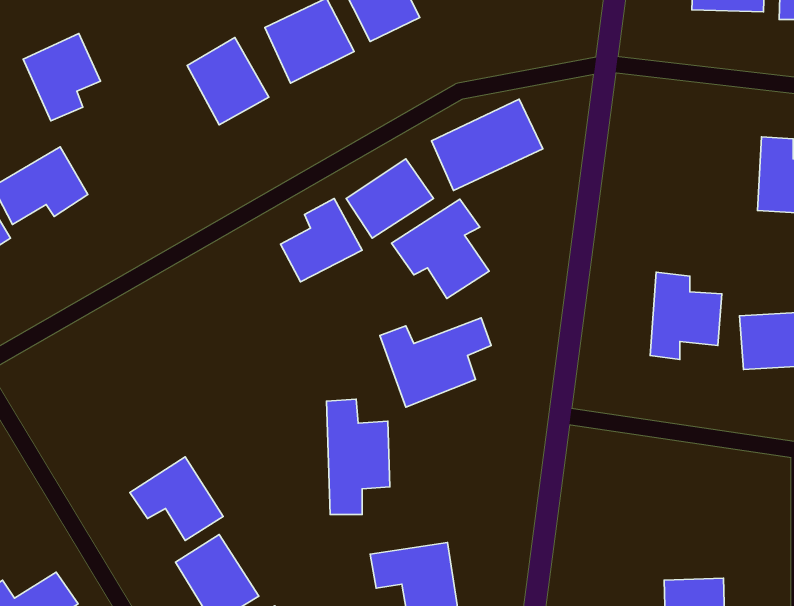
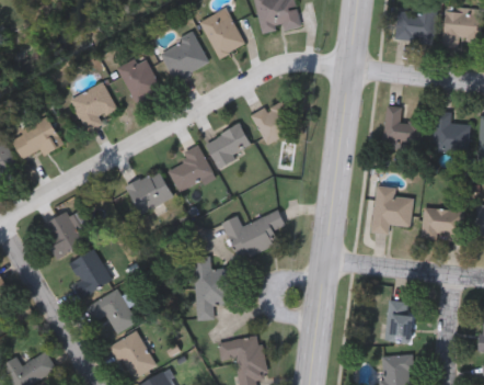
building: [23,33,101,121] -> [70,83,113,132]
building: none -> [384,105,422,144]
building: [392,199,489,299] -> none
building: none -> [128,170,172,212]
building: none -> [42,210,89,256]
building: none -> [70,248,113,298]
building: none -> [385,299,412,342]

